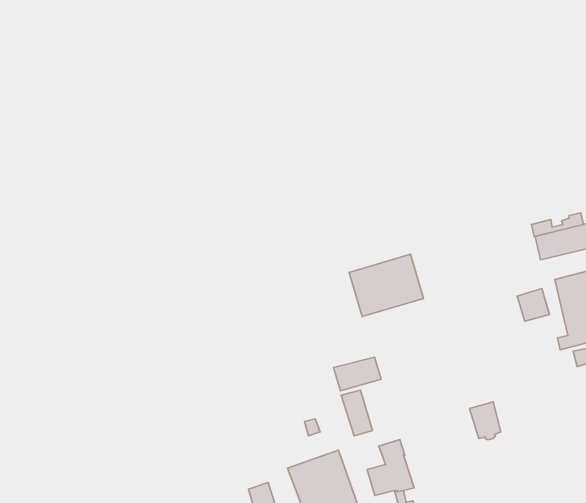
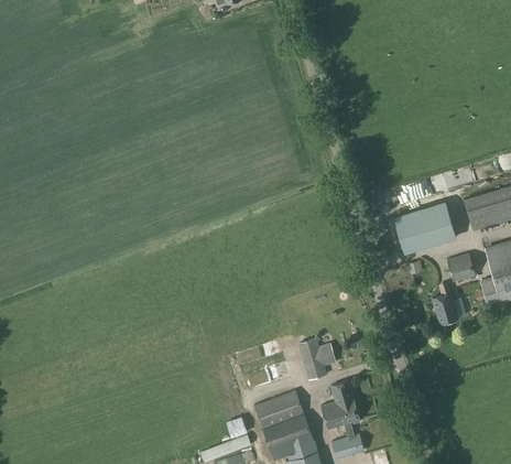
building: [349,254,423,317] -> [393,201,456,253]
building: [333,357,381,391] -> none
building: [470,402,501,440] -> [433,294,459,326]

